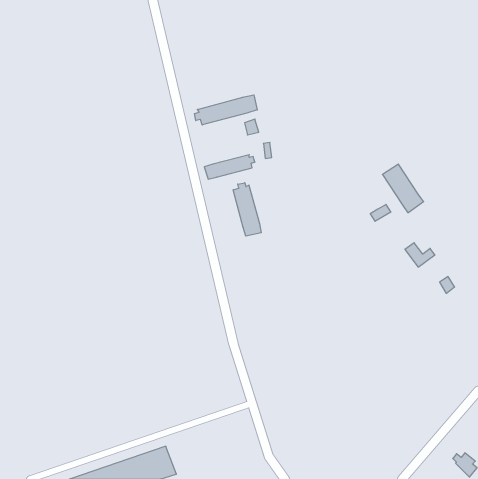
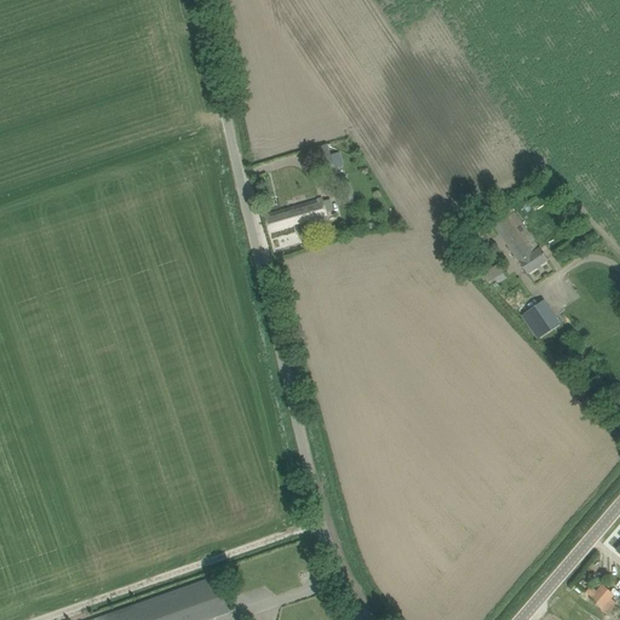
building: [194,95,257,125] -> none
building: [233,183,261,236] -> none

